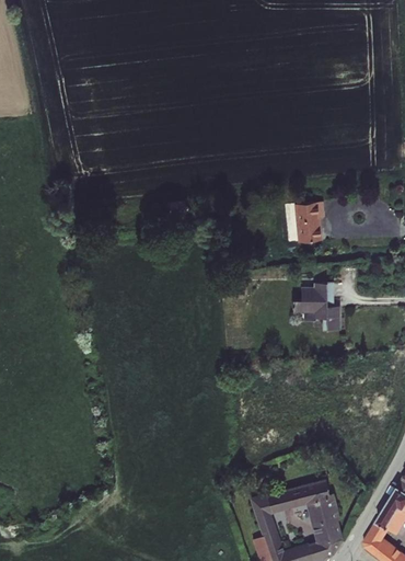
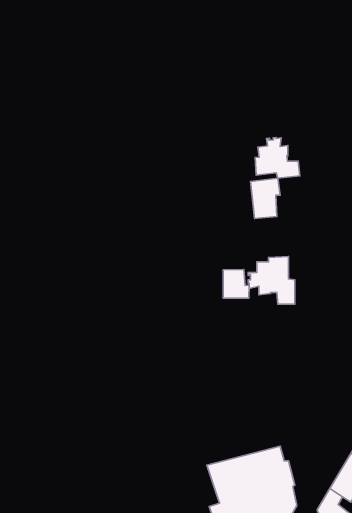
building: none -> [255,138,300,178]
building: none -> [223,270,249,298]

